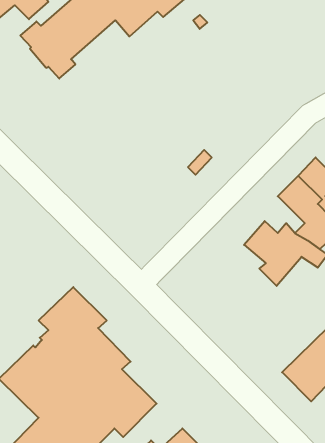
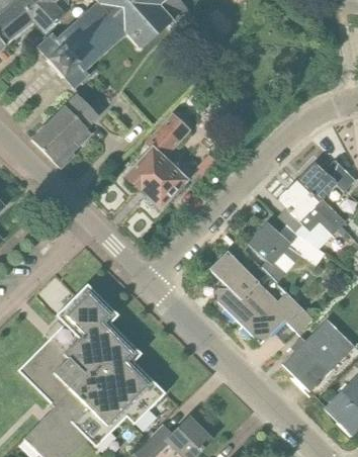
building: none -> [32,94,99,168]
building: none -> [126,112,192,207]
building: none -> [210,250,314,344]

